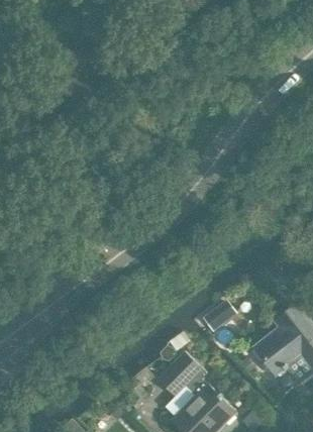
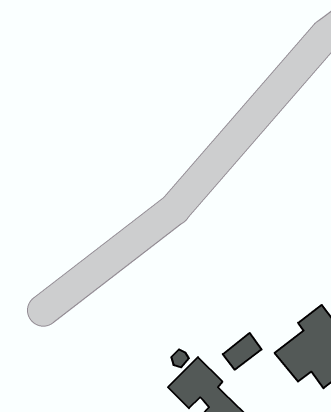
building: [201,299,236,332] -> [223,333,262,370]

